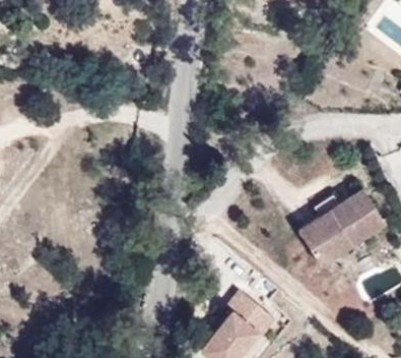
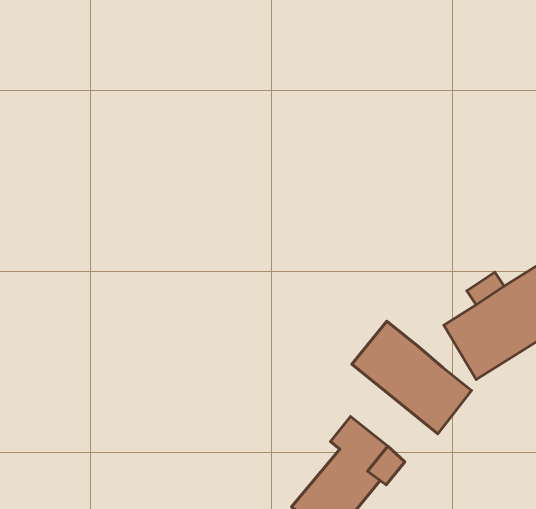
building: none -> [352,321,471,434]

